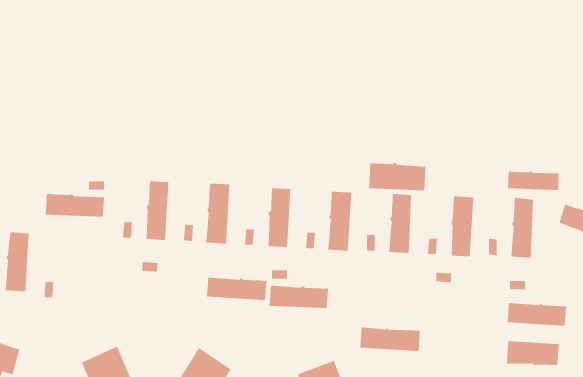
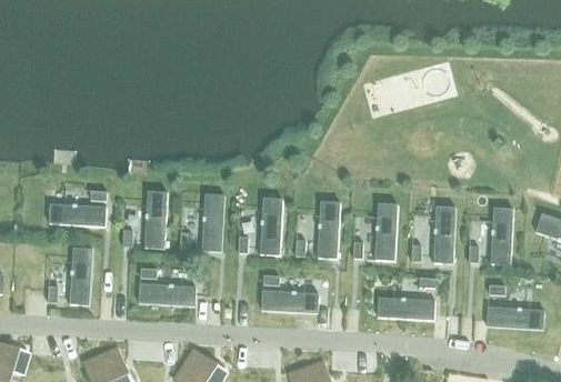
building: [369,162,426,191] -> none
building: [507,171,559,191] -> none
building: [5,232,30,292] -> [69,247,92,303]
building: [206,277,267,300] -> [138,282,196,304]
building: [360,327,421,351] -> [377,295,434,319]
building: [507,341,559,366] -> none

